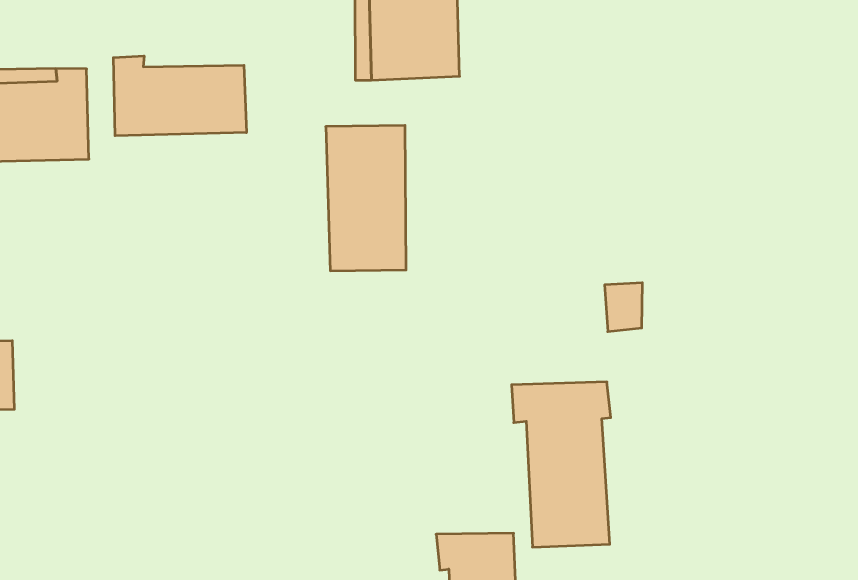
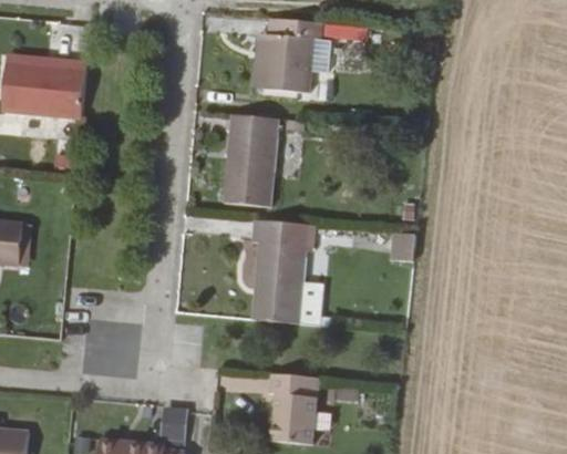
building: [113,56,246,136] -> none
building: [512,382,611,547] -> [250,218,310,322]

